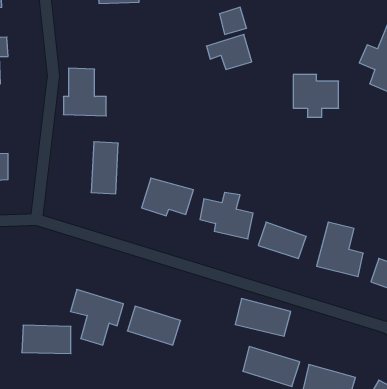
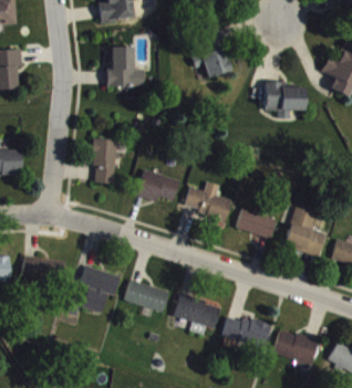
building: [63,68,106,116] -> [107,46,144,87]
building: [235,299,291,336] -> [174,295,221,327]
building: [22,325,71,354] -> [22,258,64,282]

